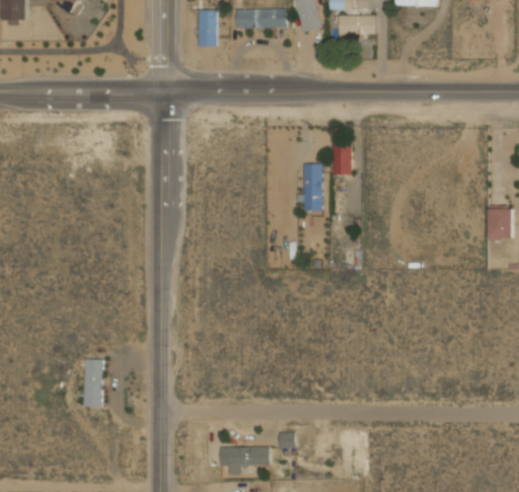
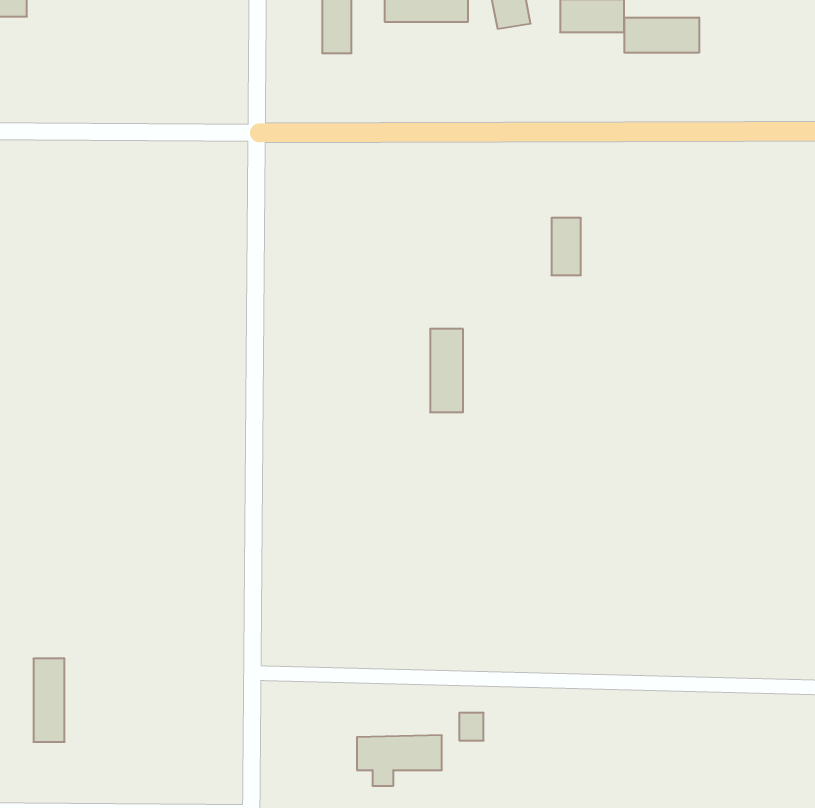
building: none -> [624,17,699,53]
building: [303,162,322,211] -> [430,329,463,412]
building: [84,358,102,407] -> [33,659,65,742]

